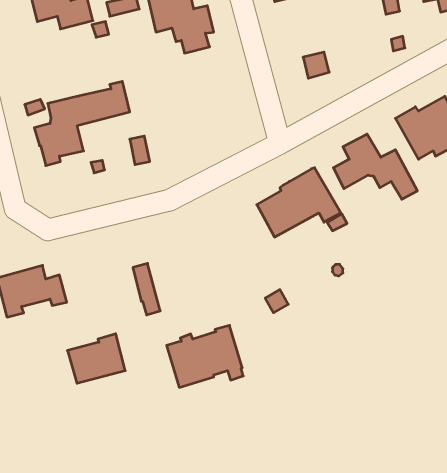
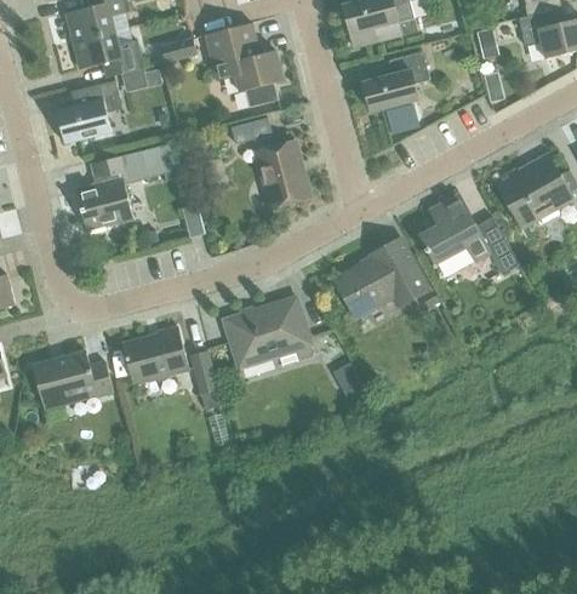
building: none -> [362,51,429,112]
building: none -> [55,80,121,143]
building: none -> [230,118,308,209]
building: [167,325,243,387] -> [223,297,312,369]
building: [67,334,125,383] -> [121,326,188,383]

